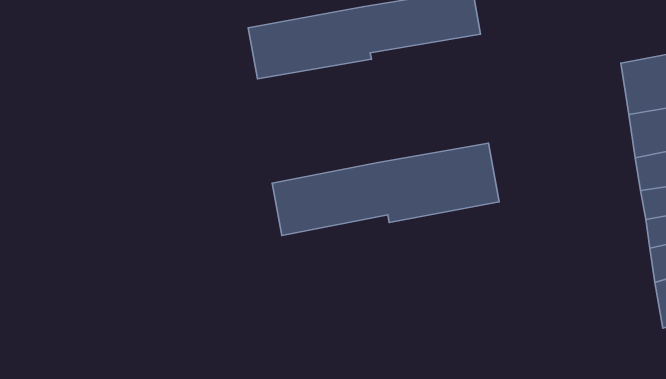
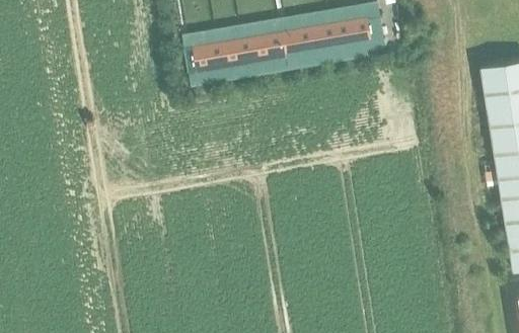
building: [272,143,499,236] -> none

